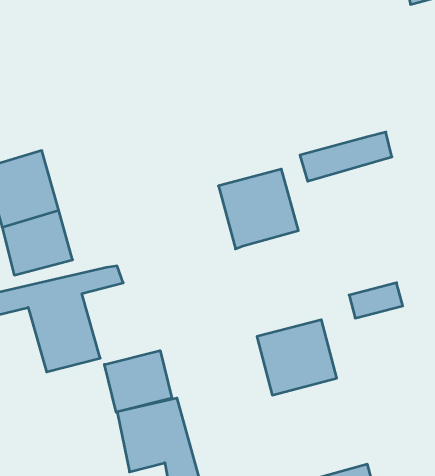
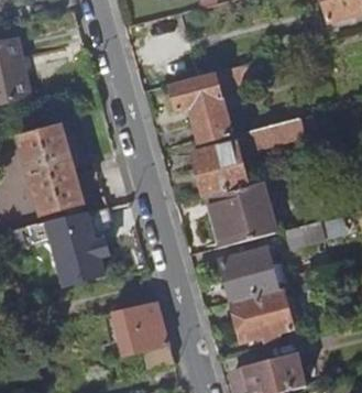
building: none -> [167,61,255,142]
building: none -> [207,179,275,244]
building: [104,351,172,412] -> none
building: none -> [228,277,321,339]

